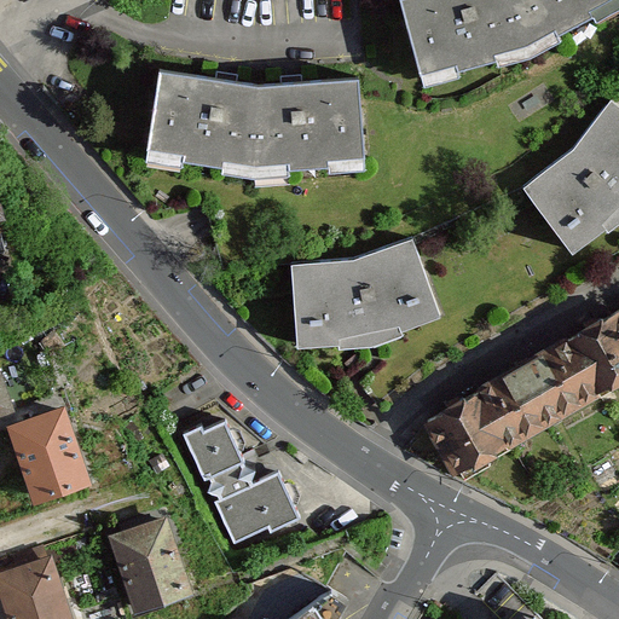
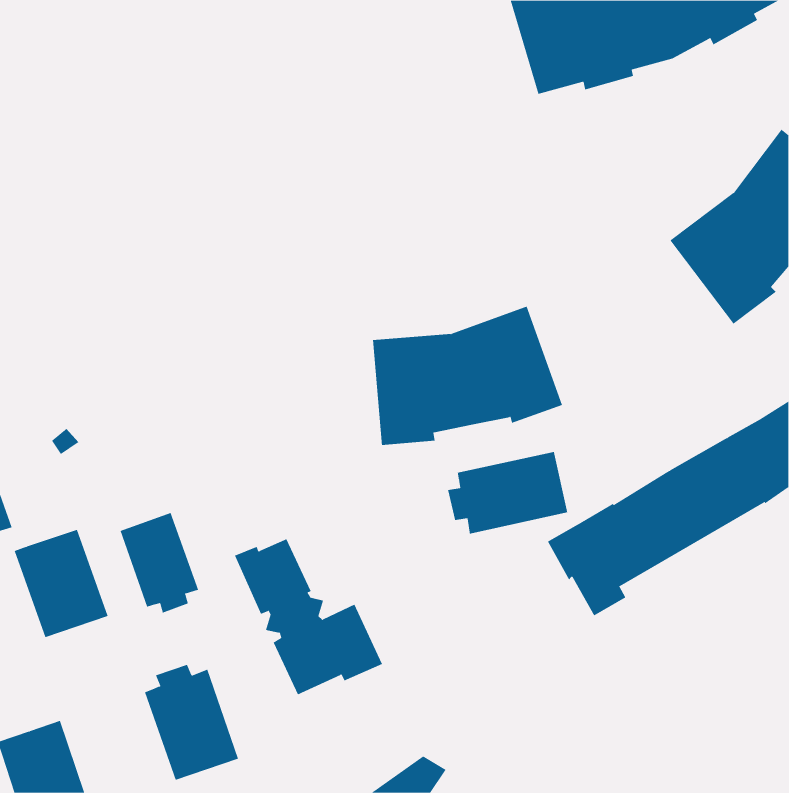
building: [146,71,364,169] -> none
building: none -> [447,451,568,534]
building: none -> [120,512,199,614]

